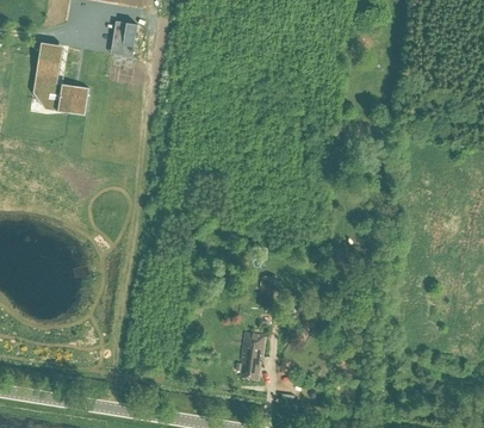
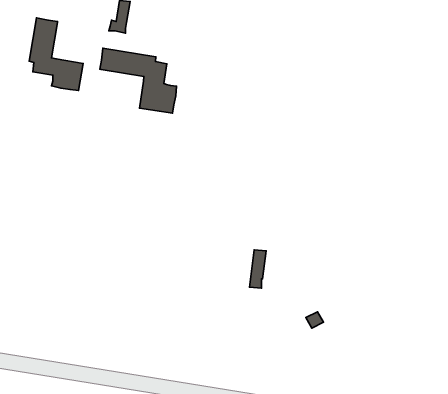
building: none -> [100,48,176,113]
building: [241,333,265,379] -> none

